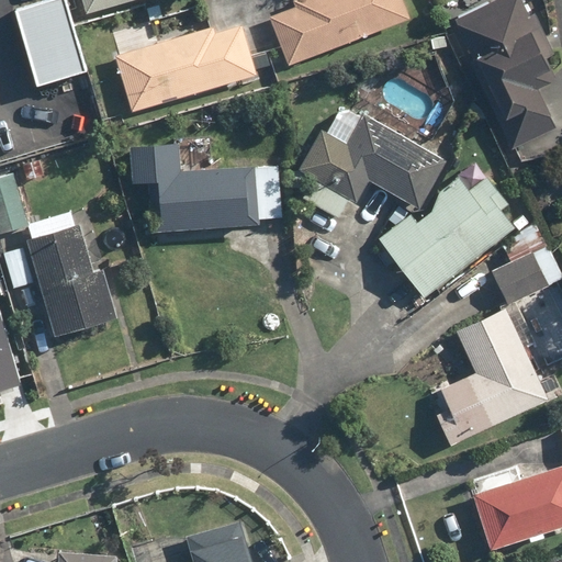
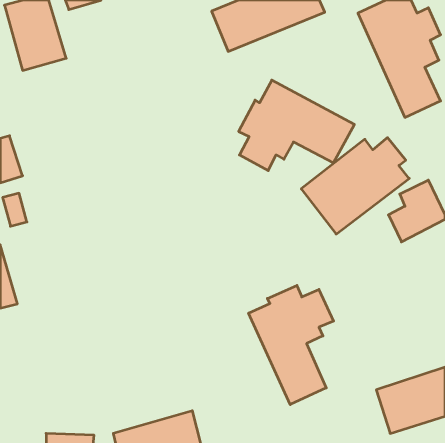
building: [112,23,259,111] -> none
building: [132,143,279,229] -> none
building: [26,222,119,337] -> none
building: [429,305,547,443] -> none
building: none -> [249,285,334,405]

